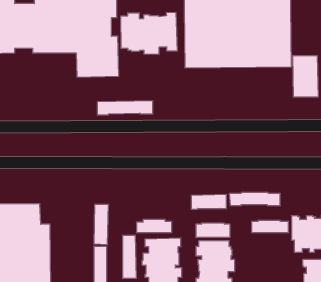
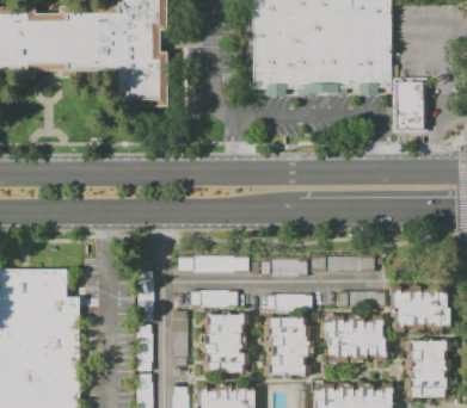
building: [121,12,177,54] -> none
building: [97,101,153,115] -> [178,255,250,273]
building: none -> [328,316,389,365]

